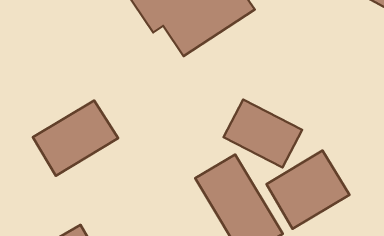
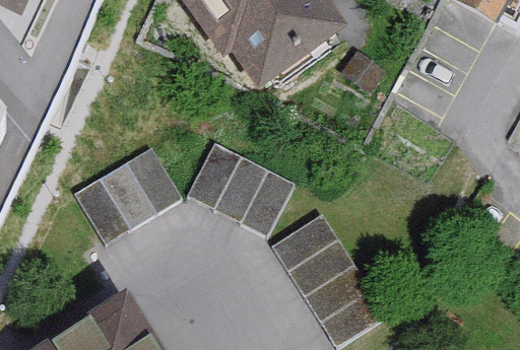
building: [223,100,302,167] -> [195,146,292,230]
building: [267,150,350,229] -> none

